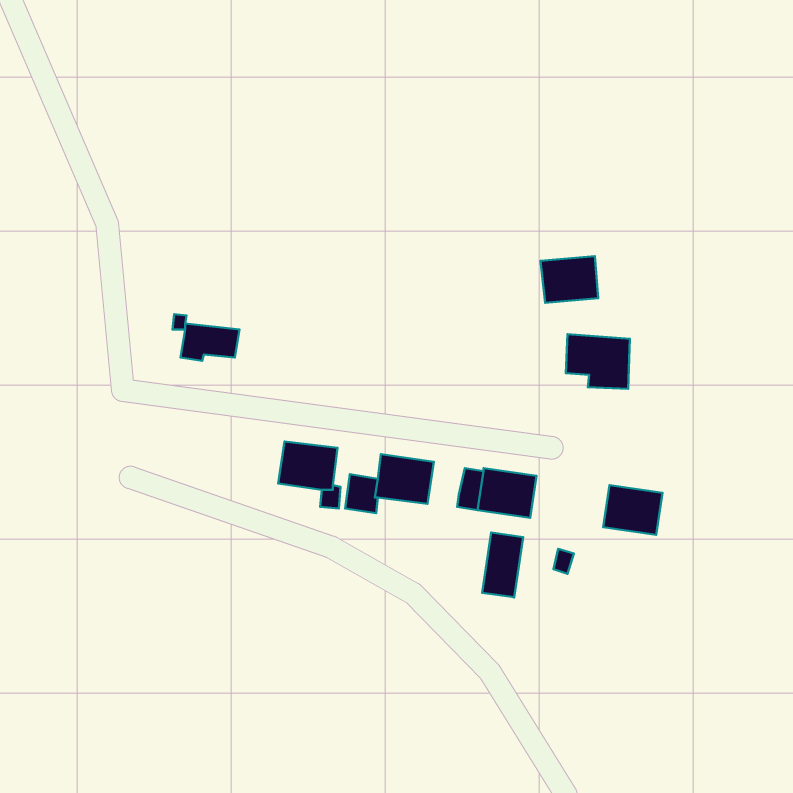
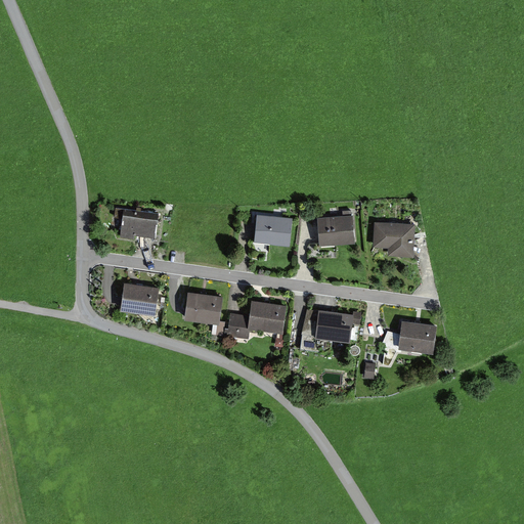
building: [541,256,598,303] -> [316,215,354,246]
building: none -> [254,214,292,246]
building: none -> [120,282,159,315]
building: [482,532,523,598] -> none

